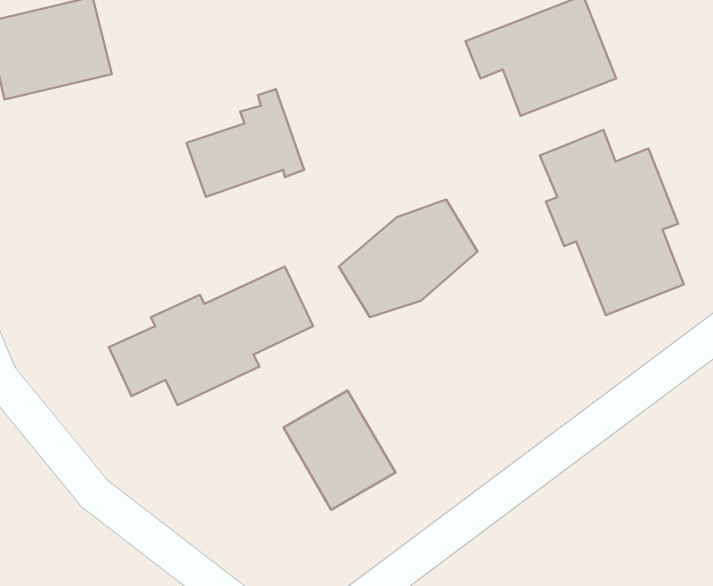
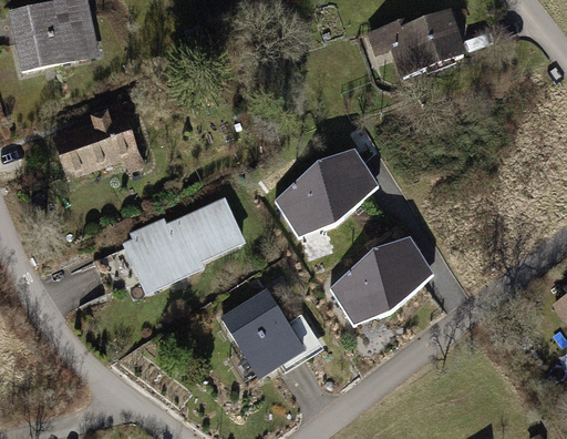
building: [186,89,304,197] -> [52,100,140,180]
building: [540,130,684,315] -> none
building: none -> [322,237,425,324]

